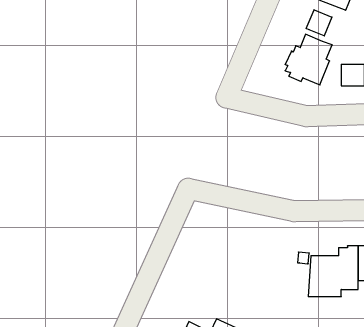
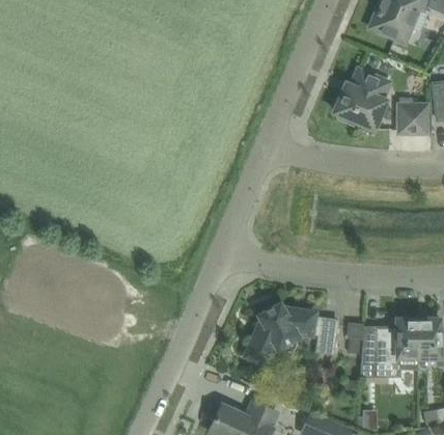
building: [306,10,332,36] -> none
building: none -> [246,304,337,364]

